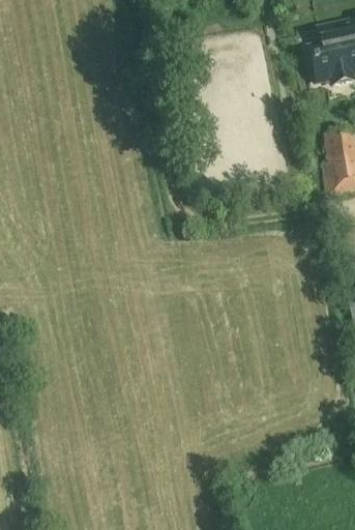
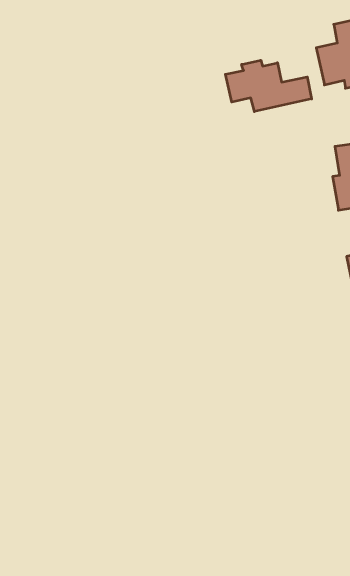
building: none -> [225,60,312,112]

